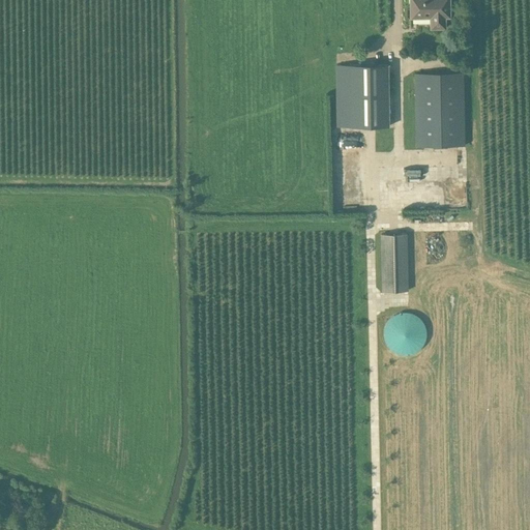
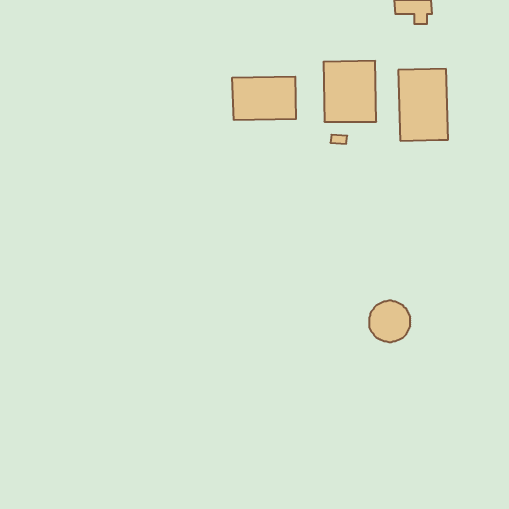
building: none -> [232,77,296,120]
building: [379,234,408,292] -> none

